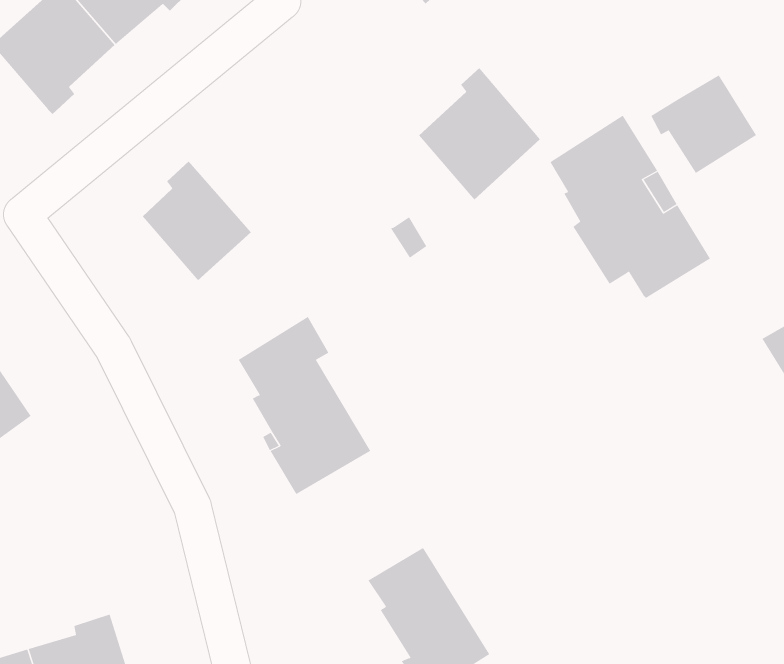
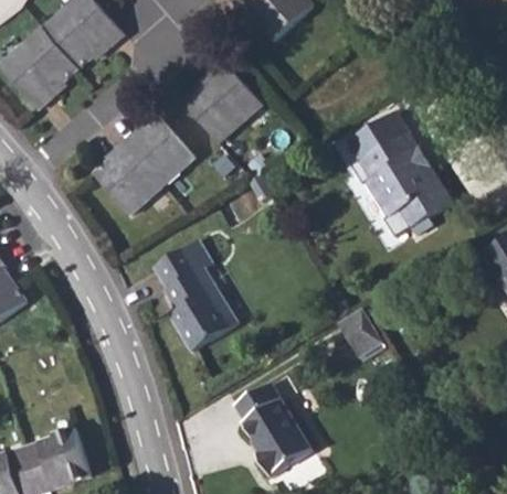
building: [418,67,541,200] -> [183,60,261,143]
building: [651,74,757,174] -> none
building: none -> [123,116,193,185]
building: none -> [337,308,383,358]

